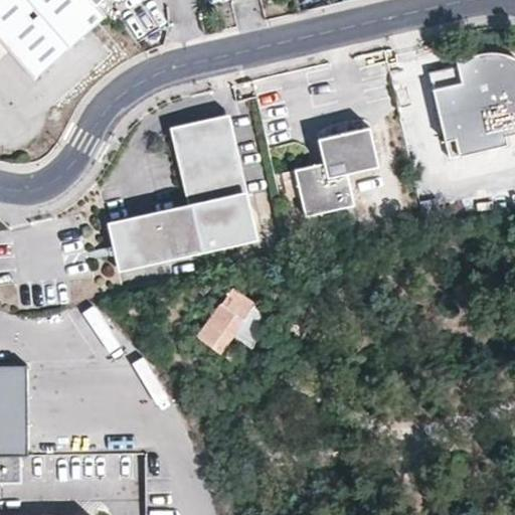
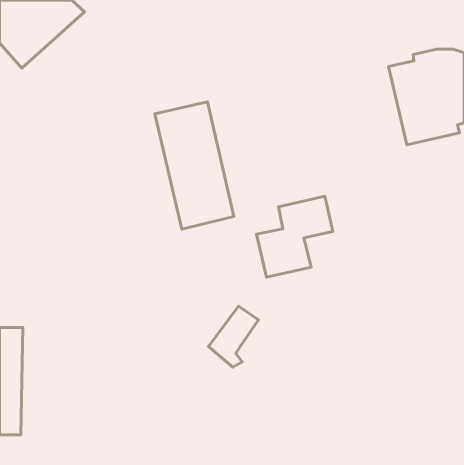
building: [295,129,379,218] -> [257,196,333,277]
building: [109,203,201,274] -> none
building: [198,292,253,359] -> [208,306,258,367]

